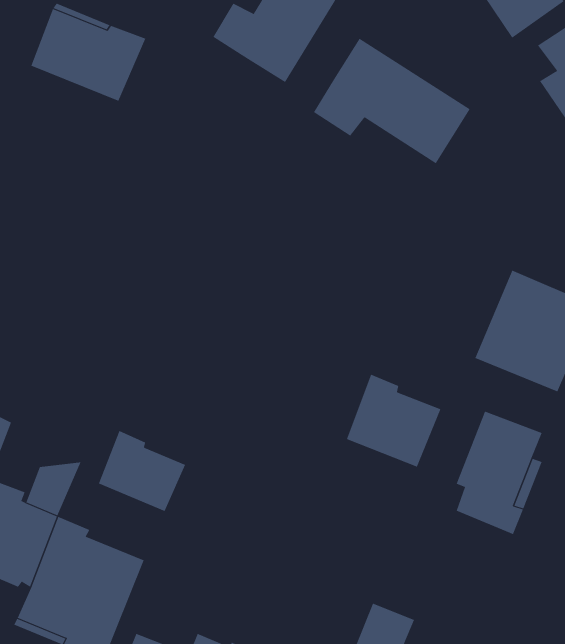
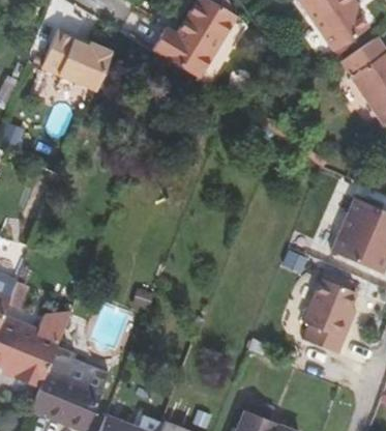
building: [313,38,471,164] -> none
building: [346,374,441,468] -> none
building: [98,430,186,512] -> none

